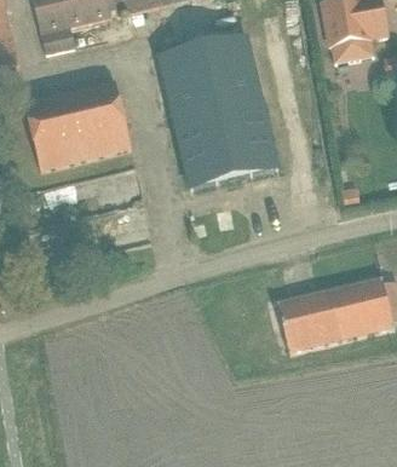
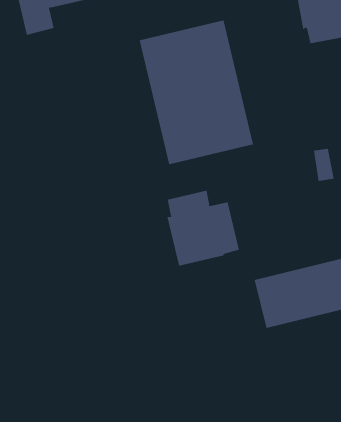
building: [23,80,130,167] -> none
building: none -> [167,190,240,267]

